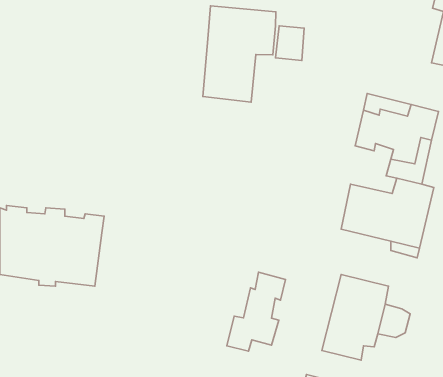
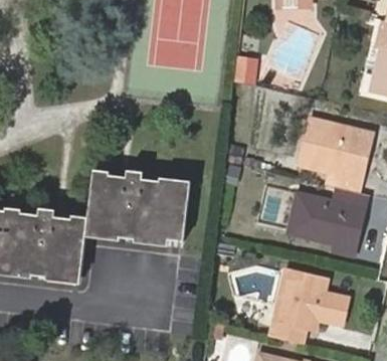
building: [203,6,276,102] -> none
building: none -> [87,174,191,243]
building: [227,272,286,351] -> none

